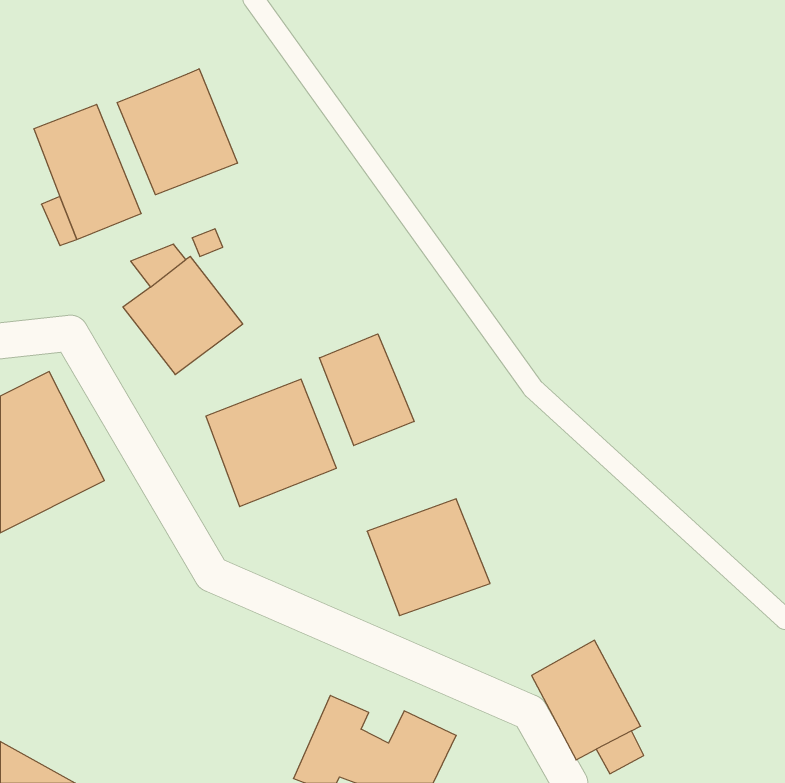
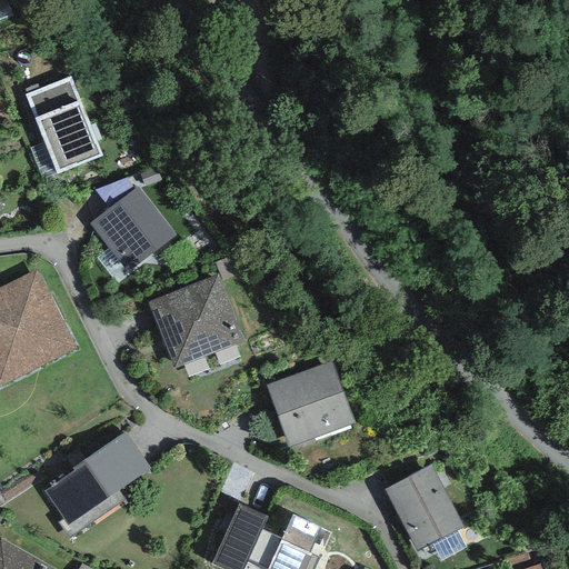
building: [117,69,237,195] -> none
building: [319,334,414,446] -> none
building: none -> [44,431,150,537]

